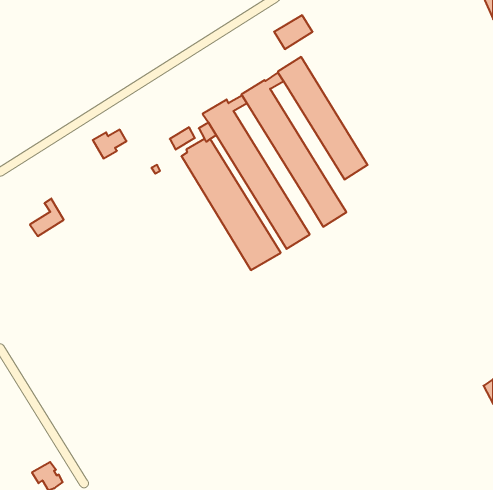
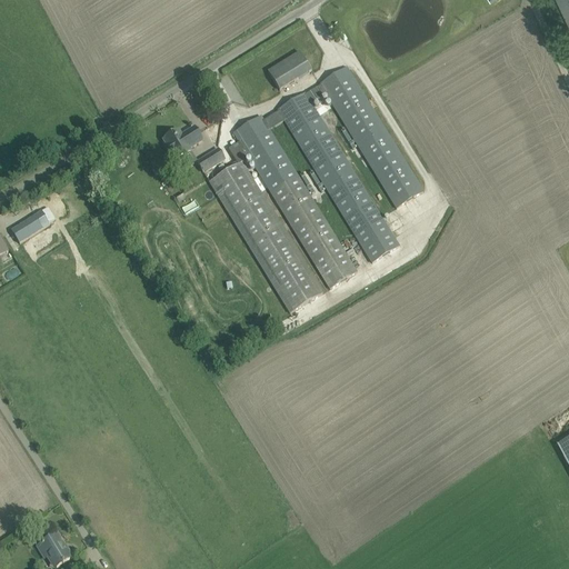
building: [274,15,313,49] -> [268,50,312,89]
building: [93,130,127,158] -> [163,126,202,159]
building: [30,198,64,236] -> [11,199,50,242]

